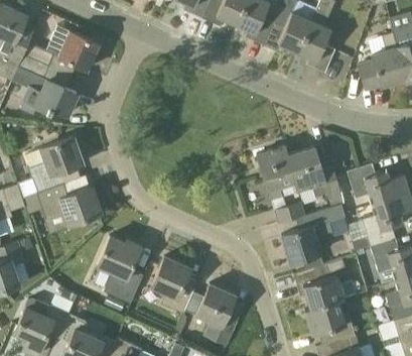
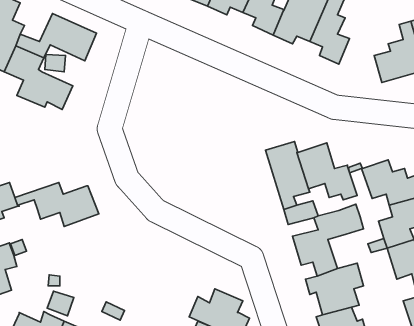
building: [17,137,83,199] -> none
building: [98,236,144,305] -> none
building: [152,257,197,314] -> none

